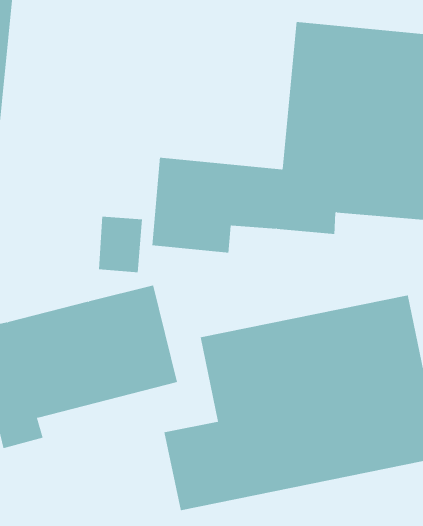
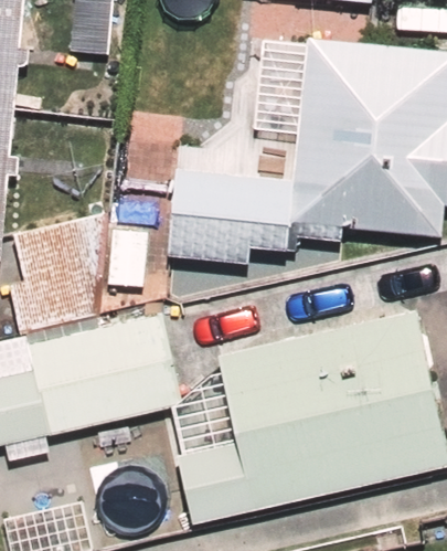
building: none -> [8,227,91,336]

